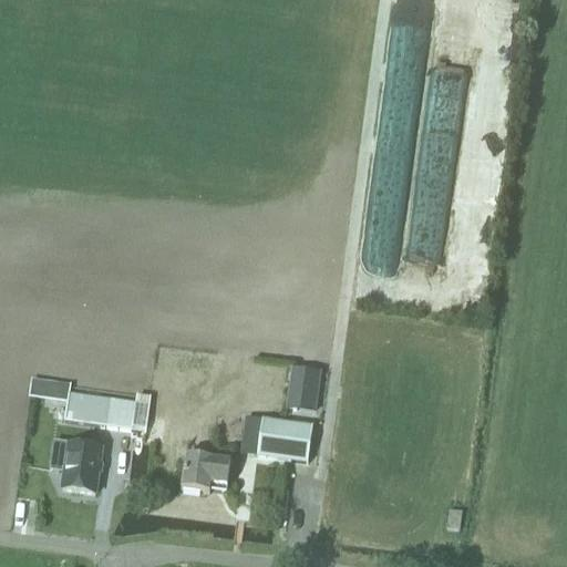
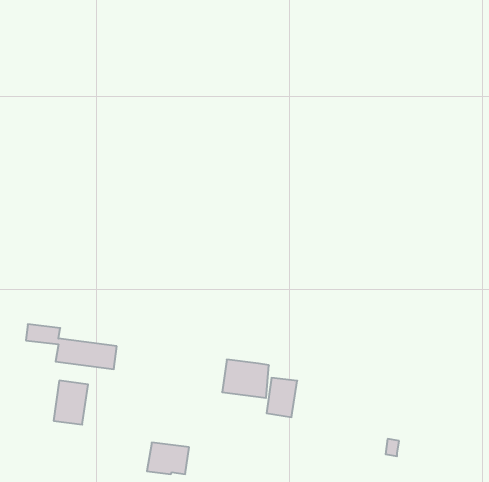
building: [286,363,321,409] -> [267,378,297,417]
building: [181,453,229,489] -> [147,443,189,474]

